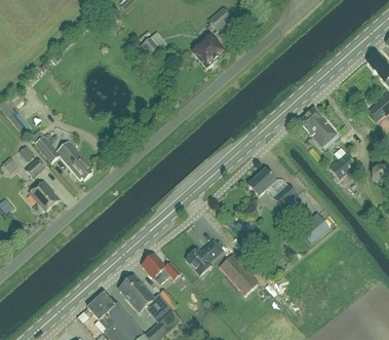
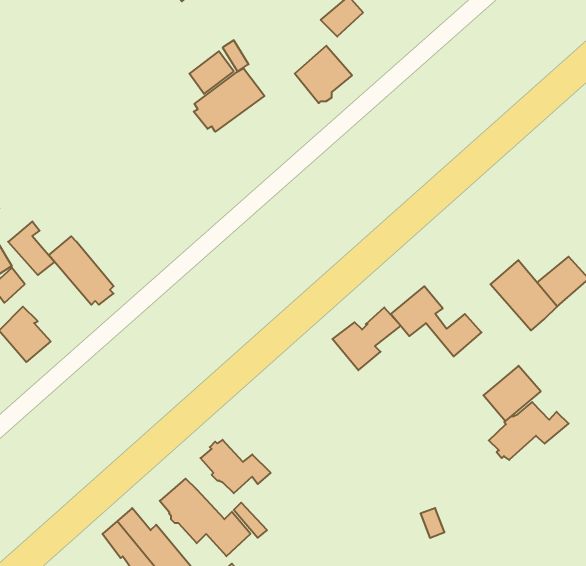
building: none -> [194,68,264,132]
building: [300,107,337,146] -> [490,260,557,330]
building: none -> [489,402,569,460]
building: [186,240,224,275] -> [332,307,401,370]
building: [219,254,251,287] -> none

